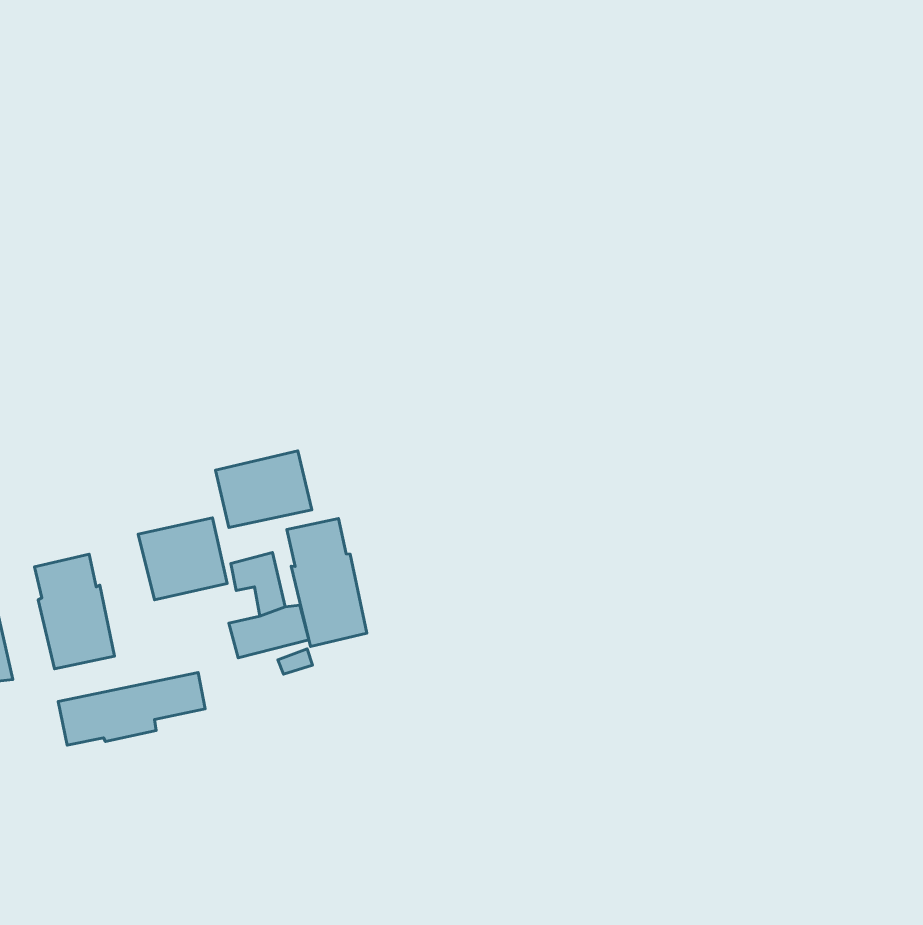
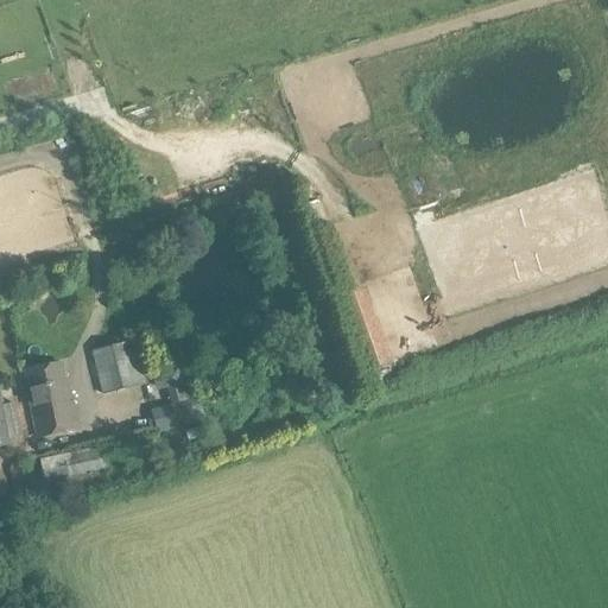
building: [216,451,312,528] -> none
building: [287,519,367,646] -> none

